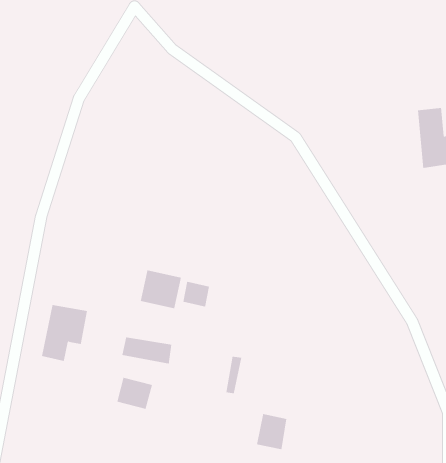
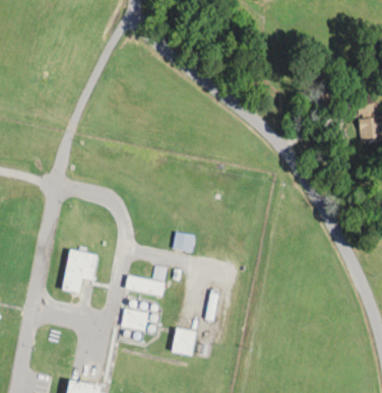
building: [140,269,182,309] -> none
building: [256,414,287,450] -> [172,327,196,355]

